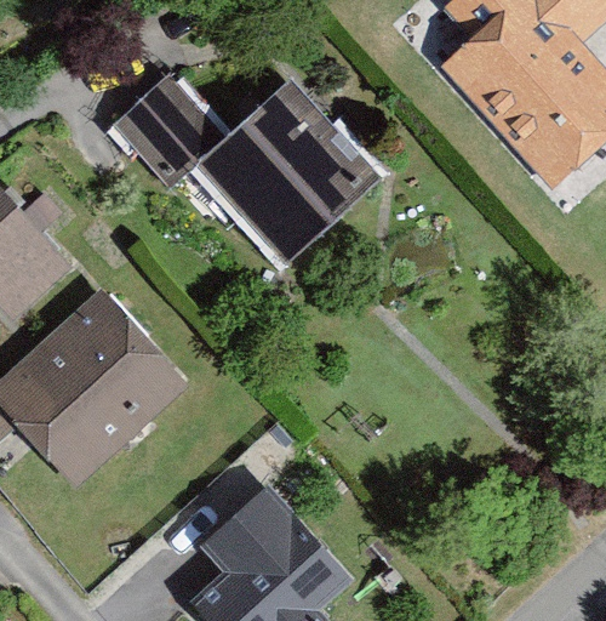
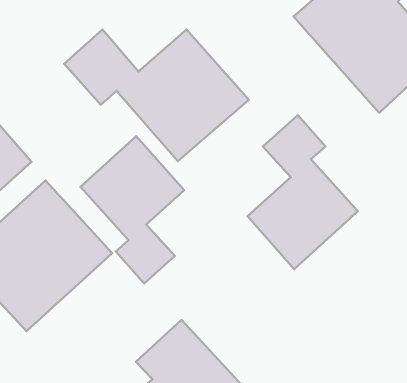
building: none -> [247,115,358,269]
building: none -> [81,136,184,283]

